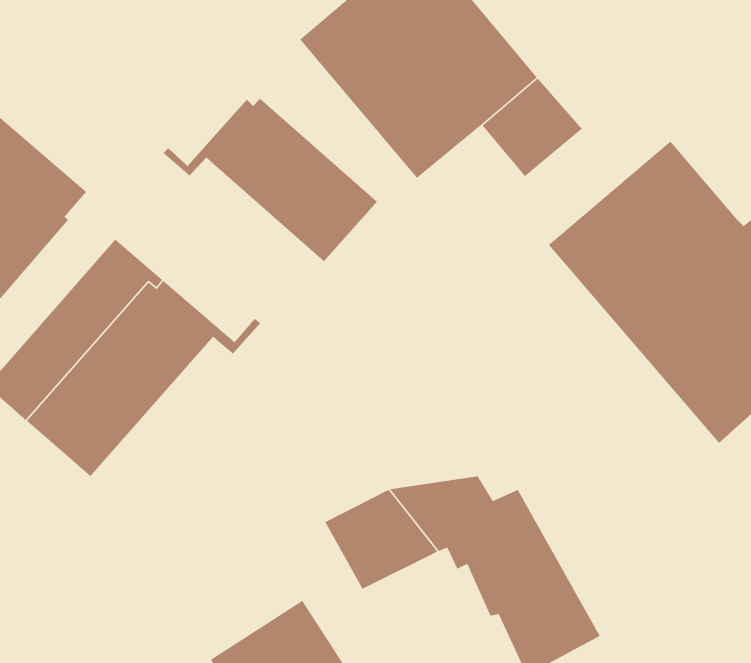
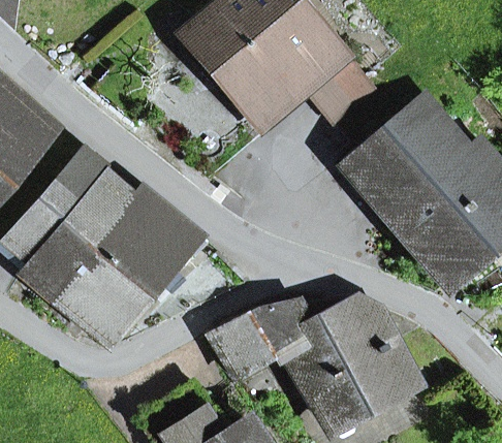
building: [163,98,378,262] -> none
building: none -> [61,209,202,346]
building: none -> [327,302,417,404]

